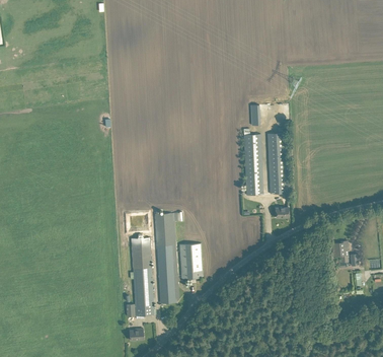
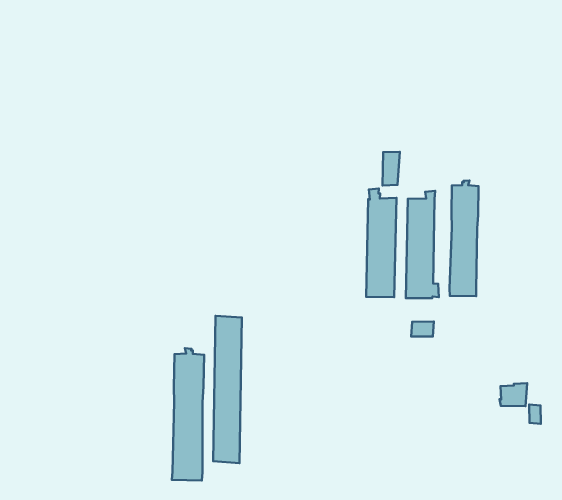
building: none -> [449,181,479,296]
building: [178,242,202,279] -> none

